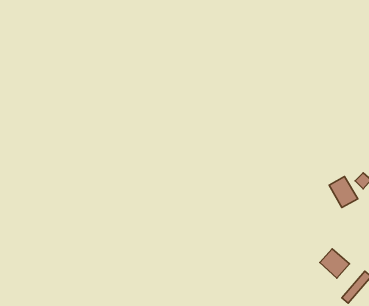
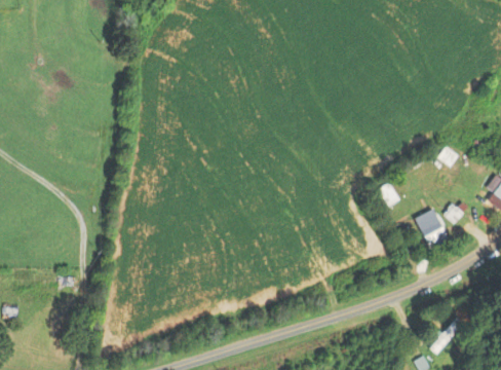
building: [320,249,349,278] -> none

